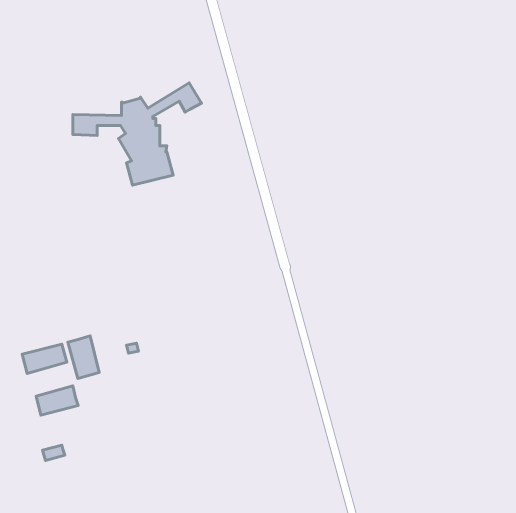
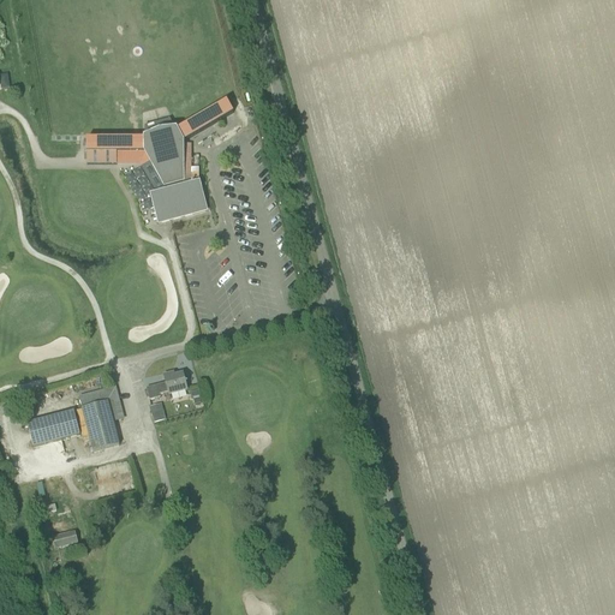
building: none -> [144,370,186,398]
building: [36,386,78,415] -> none

